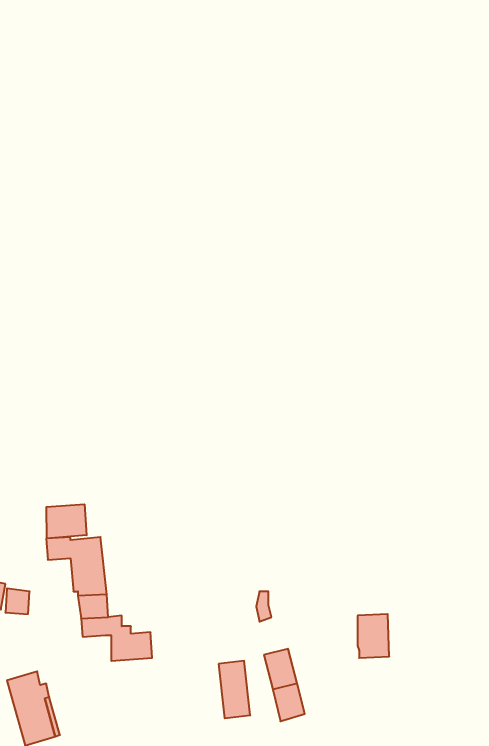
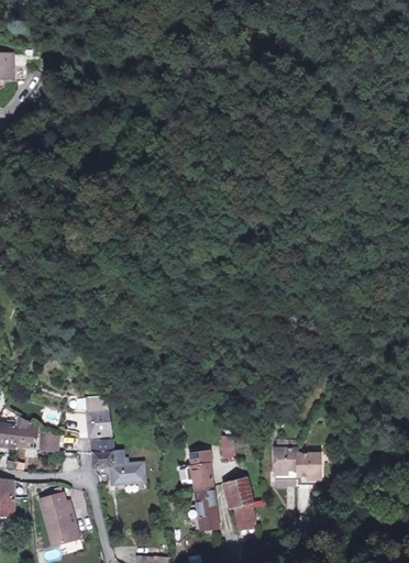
building: [46,504,87,539] -> none
building: none -> [273,446,297,485]
building: none -> [180,449,213,487]

